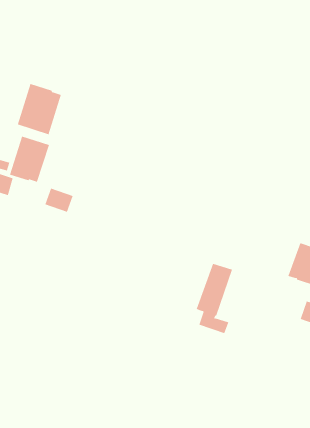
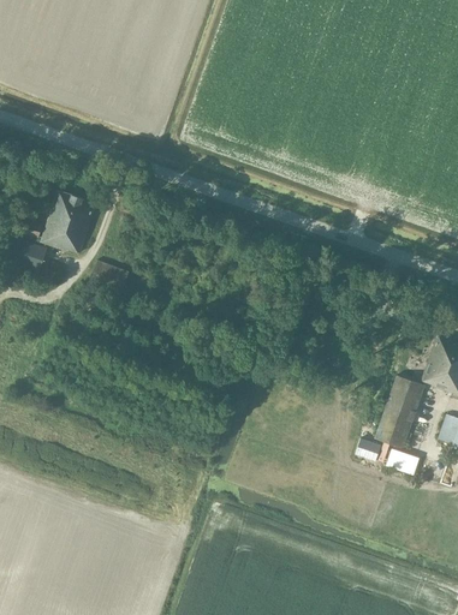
building: [17,83,61,135] -> none
building: [196,263,233,334] -> [374,376,424,472]

